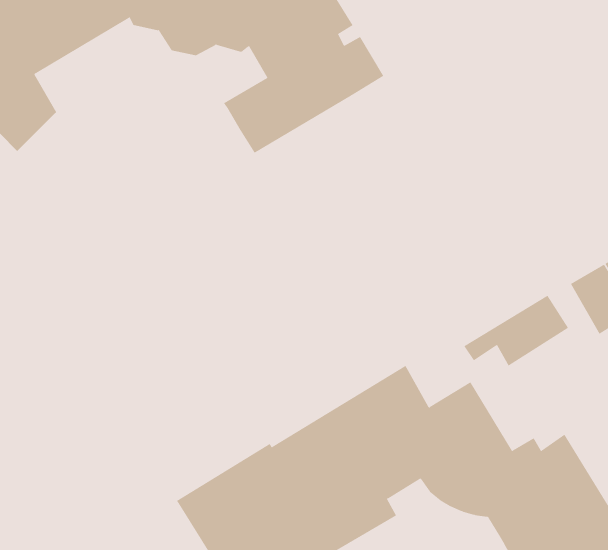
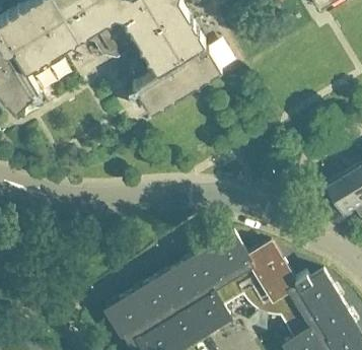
building: [463,295,569,366] -> none

